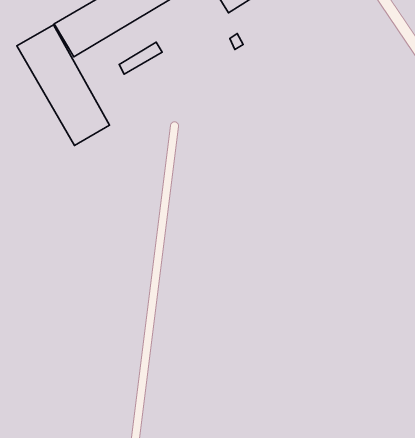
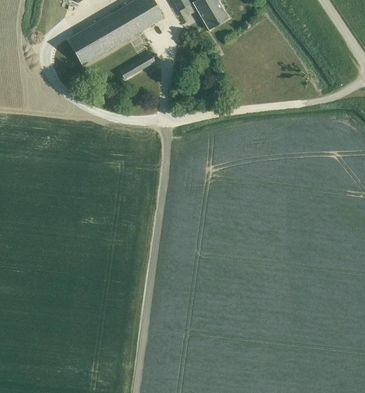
building: [17,25,109,145] -> none

